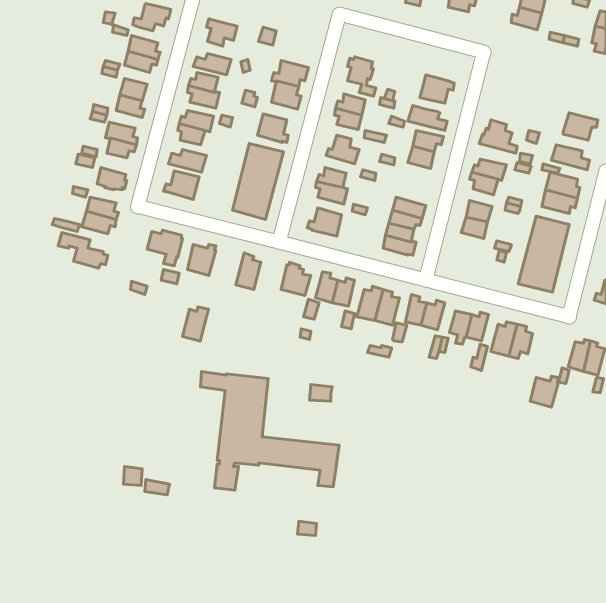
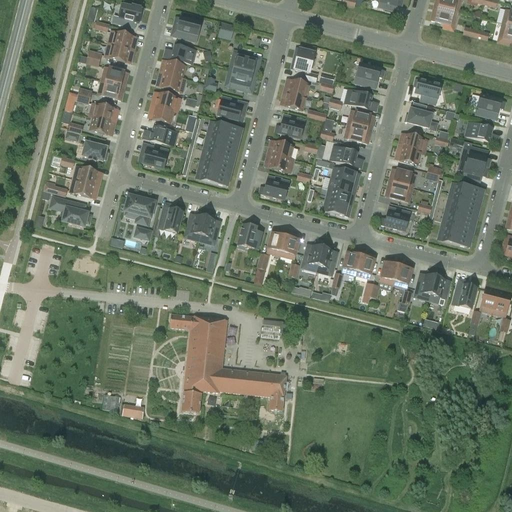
building: none -> [414,79,441,104]
building: none -> [330,145,363,167]
building: none -> [380,207,409,230]
building: [182,307,209,341] -> [184,211,206,240]
building: [530,376,559,407] -> [452,282,476,308]

